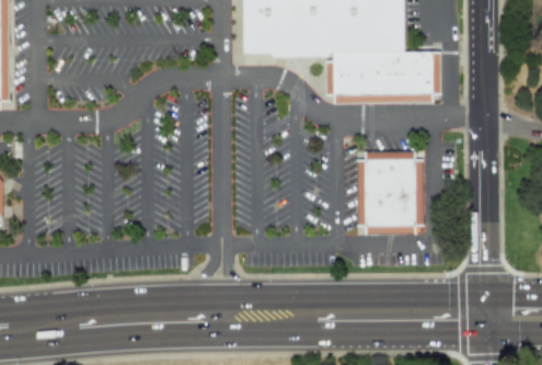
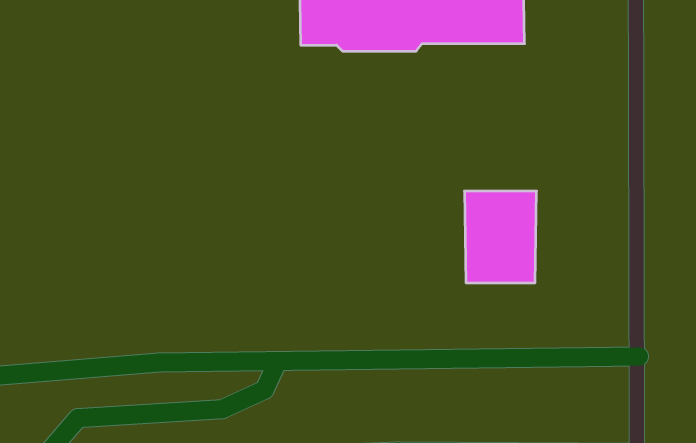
building: [330,53,431,95] -> none

